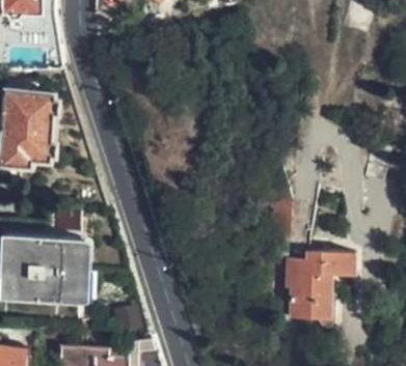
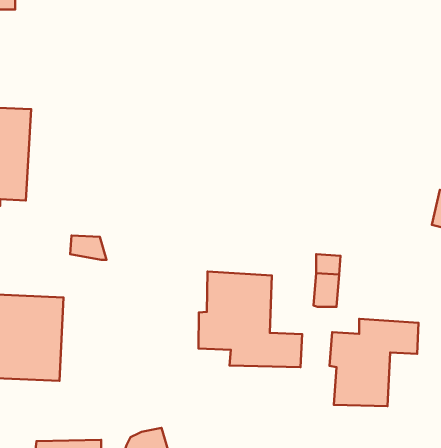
building: none -> [199,272,302,367]

